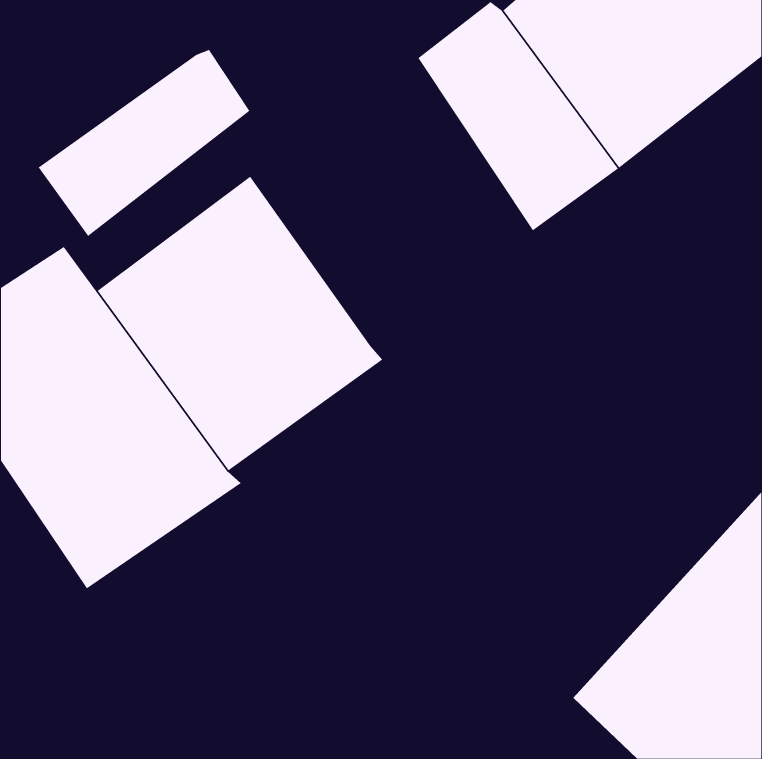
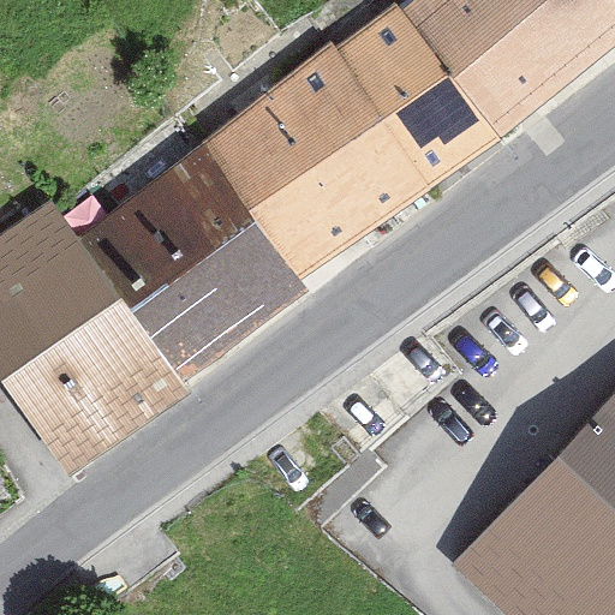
building: [38,49,250,237] -> none
building: none -> [202,41,429,279]

